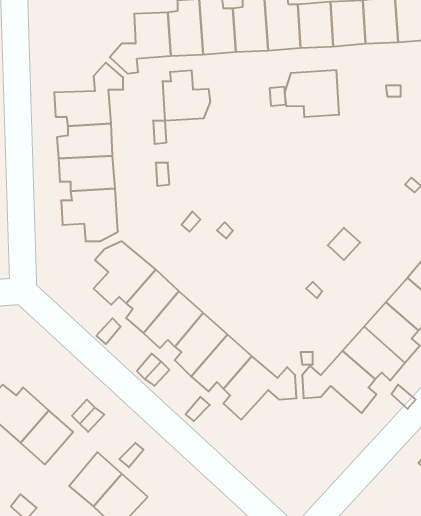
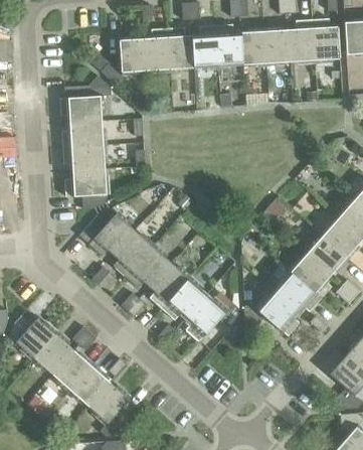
building: [285,70,339,117] -> none
building: [163,70,210,121] -> none
building: none -> [52,350,92,391]

